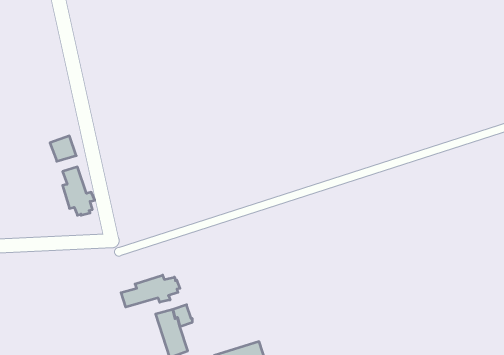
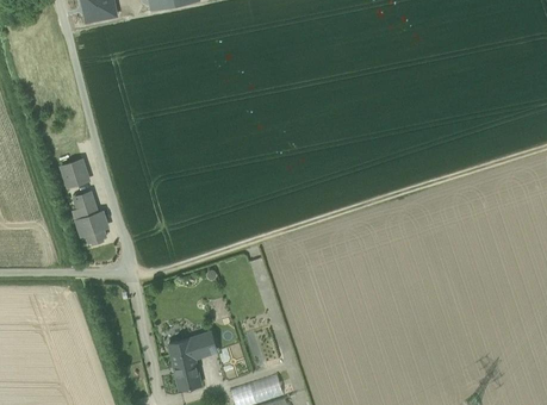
building: [121,275,180,307] -> none

